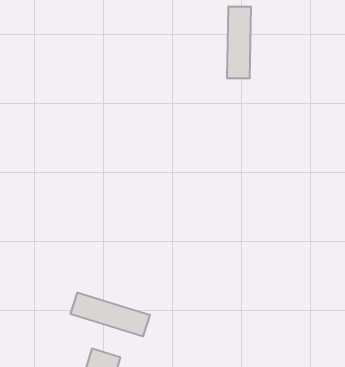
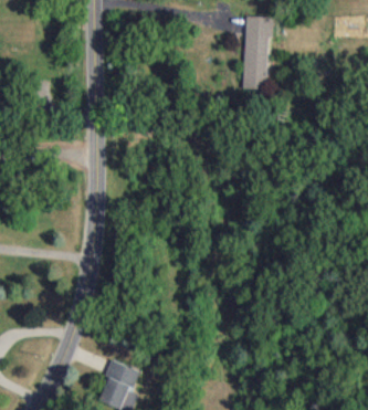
building: [70,293,150,336] -> none

